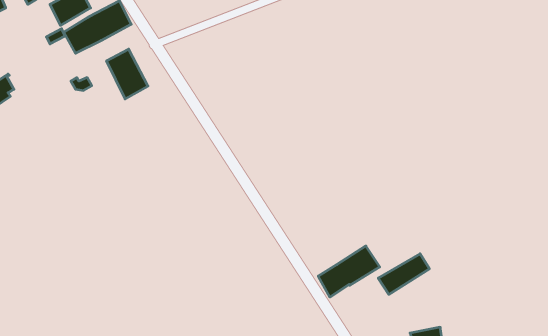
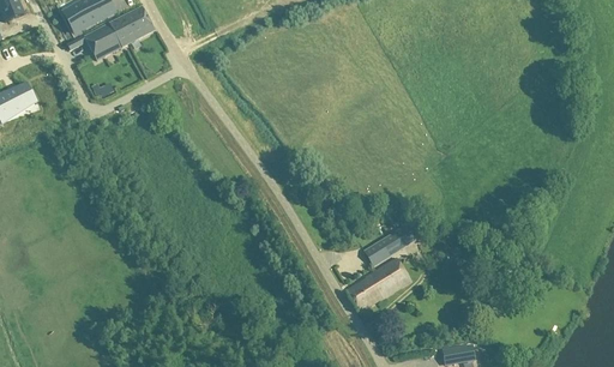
building: [107,49,148,99] -> none
building: [378,254,429,294] -> [362,224,415,266]

